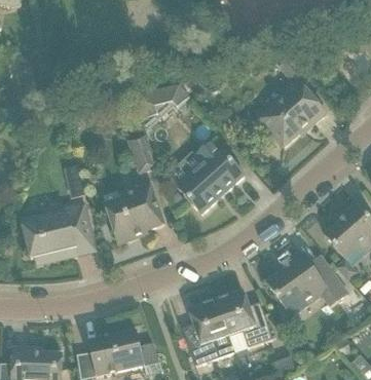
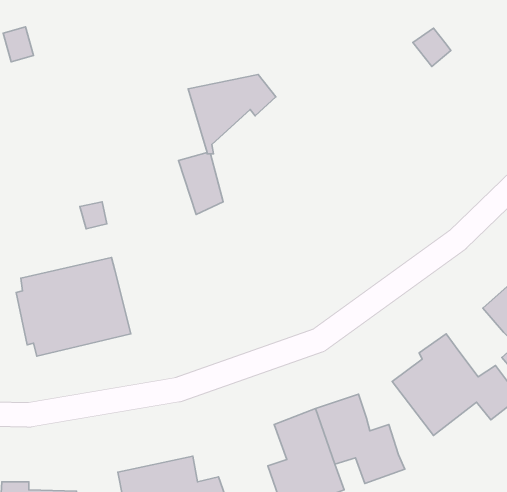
building: [257,79,326,144] -> none
building: [176,138,244,213] -> none
building: [105,182,163,241] -> none

